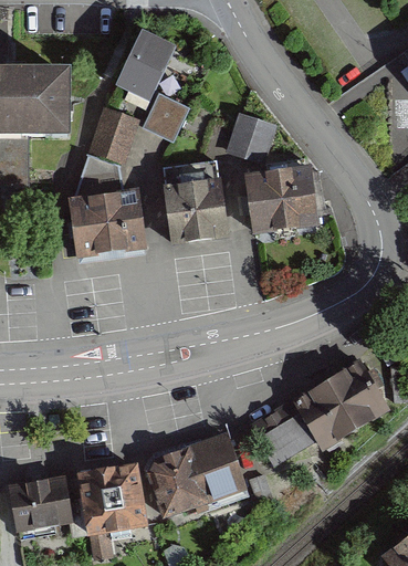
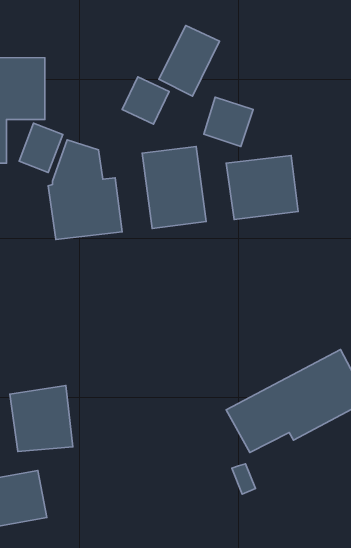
building: [116,31,176,101] -> [159,26,219,96]
building: [94,108,137,157] -> [19,123,63,172]
building: [145,437,241,516] -> none
building: [80,467,142,532] -> [10,385,73,451]

